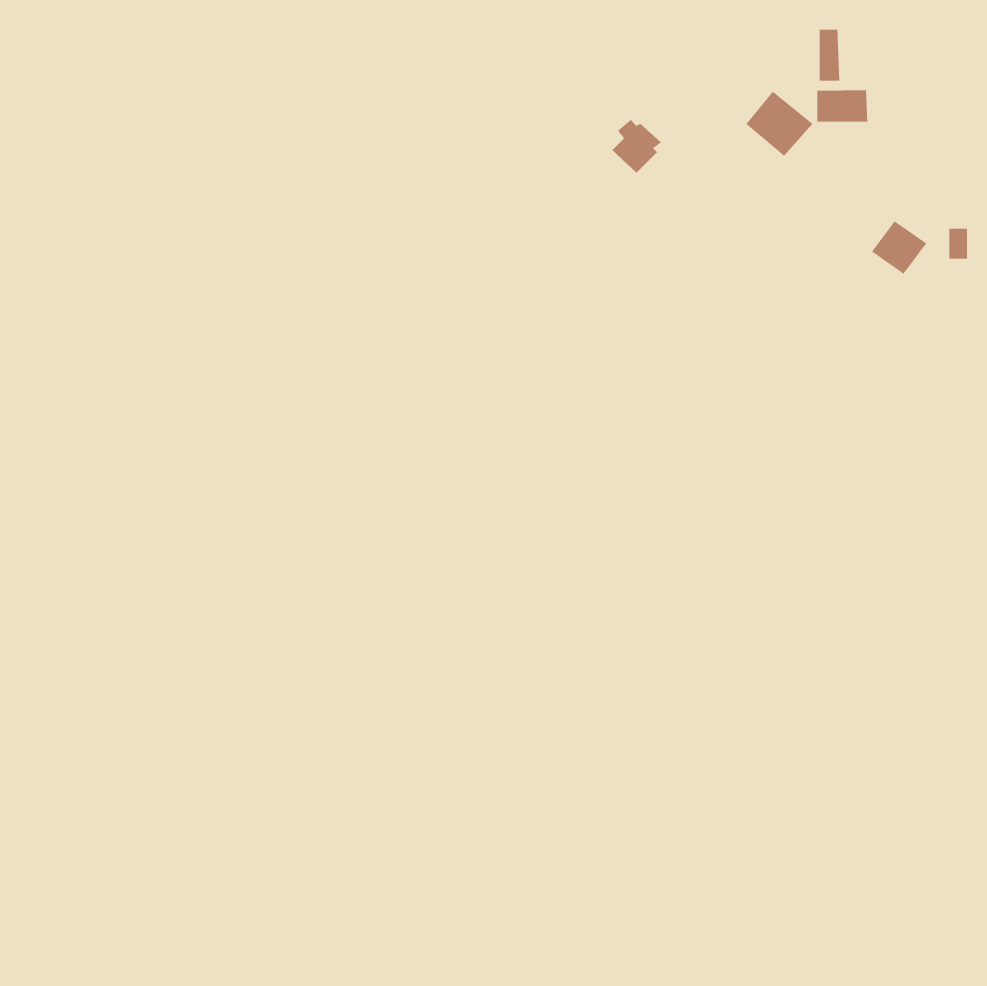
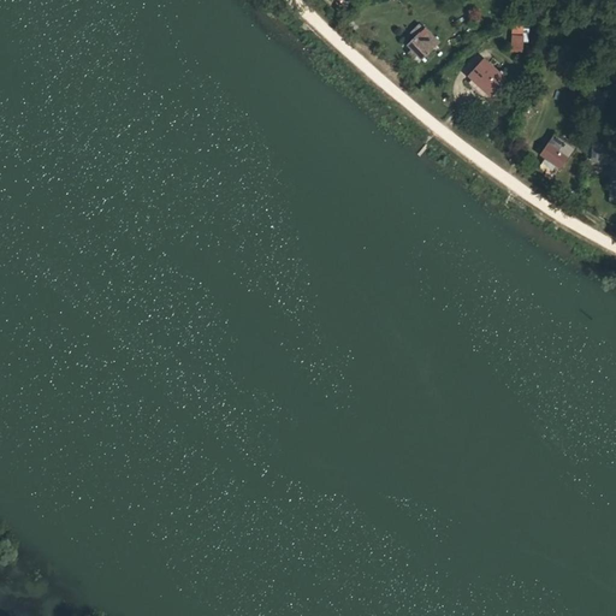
building: [817,89,868,122] -> none
building: [611,119,662,173] -> [408,23,439,57]

